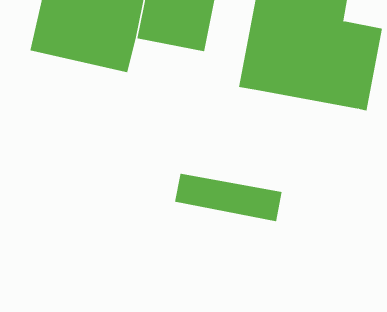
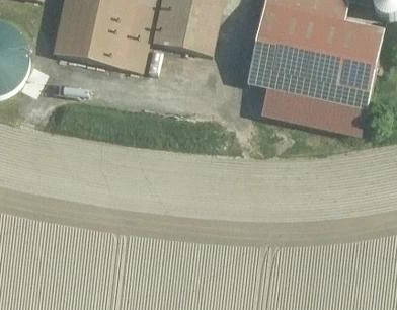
building: [174,173,283,222] -> [258,88,358,133]

